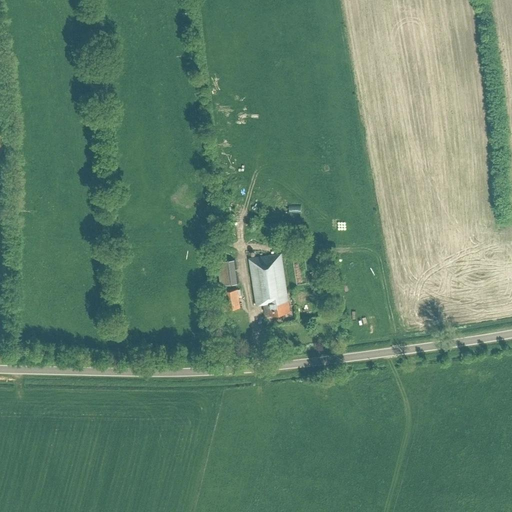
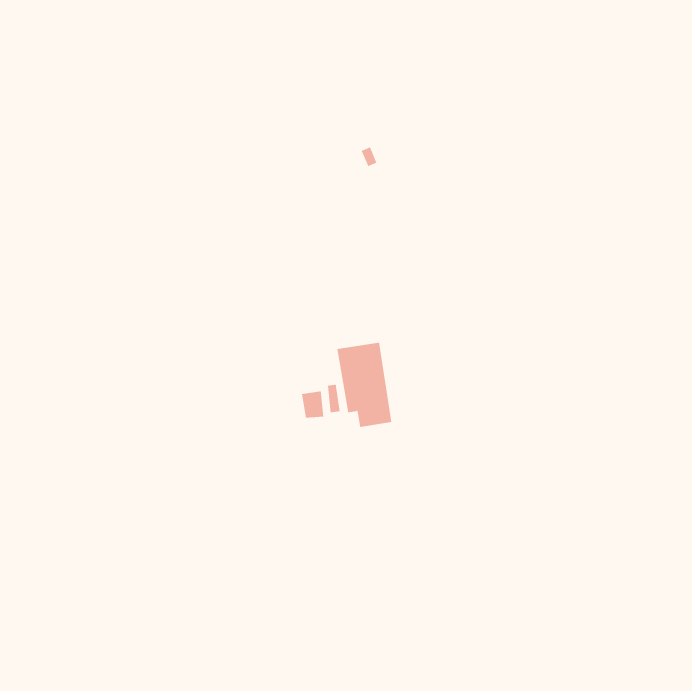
building: [218,260,237,287] -> none

